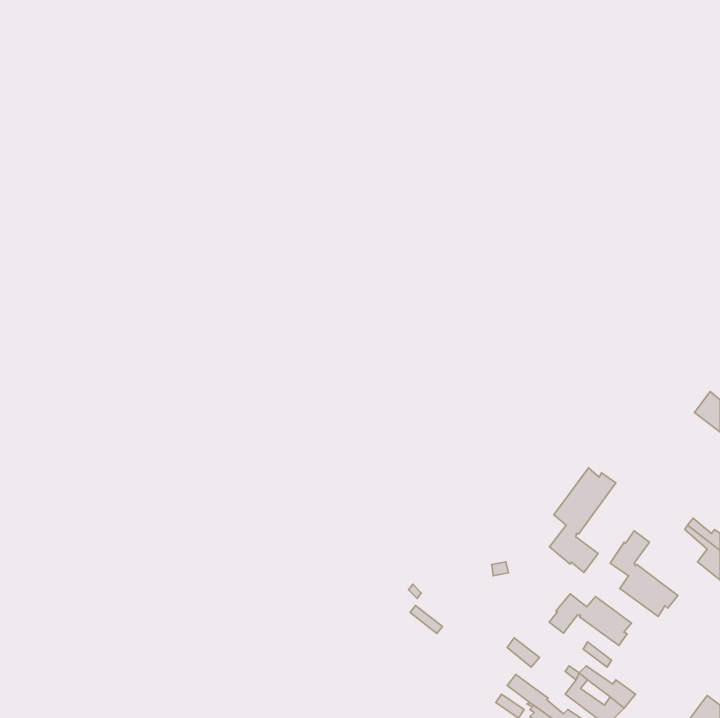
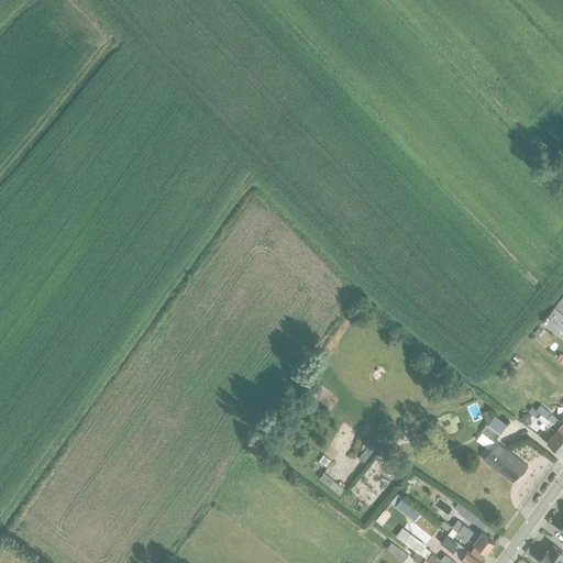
building: [549,468,616,572] -> none
building: [549,594,631,645] -> none

